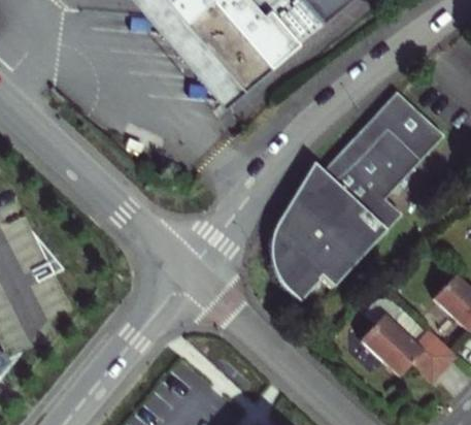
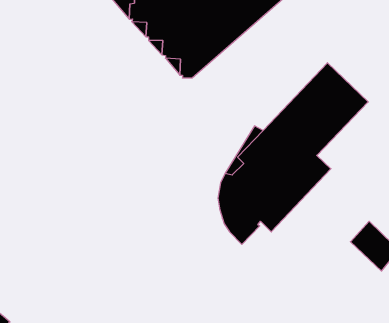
building: [363,296,458,372] -> none

